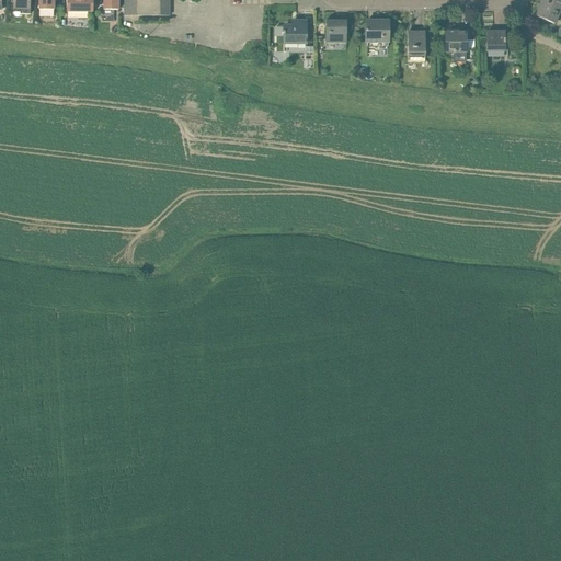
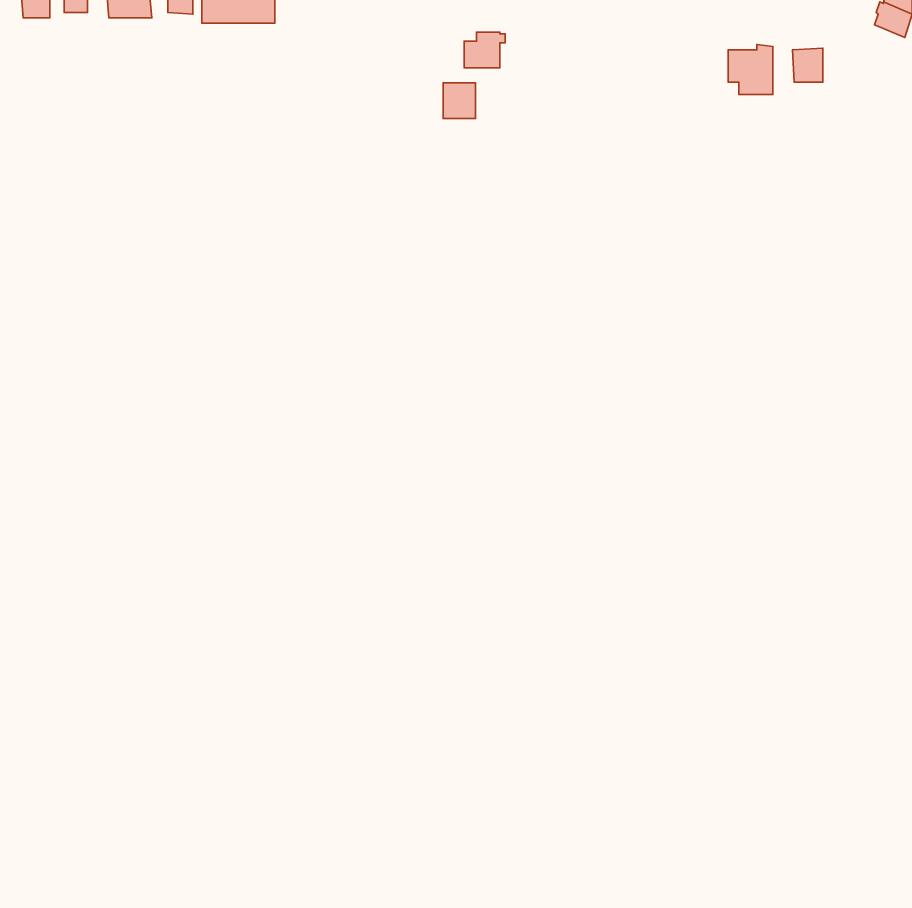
building: [327,20,346,42] -> [443,83,475,118]
building: [366,20,389,45] -> none
building: [408,28,426,56] -> none

